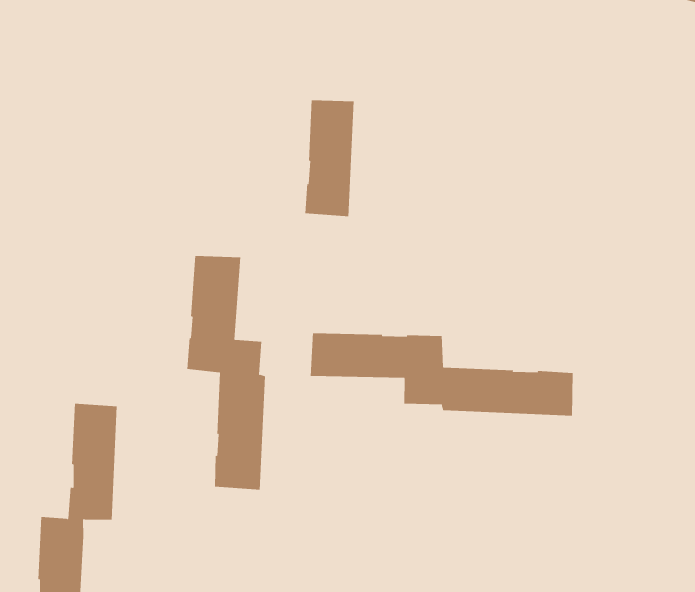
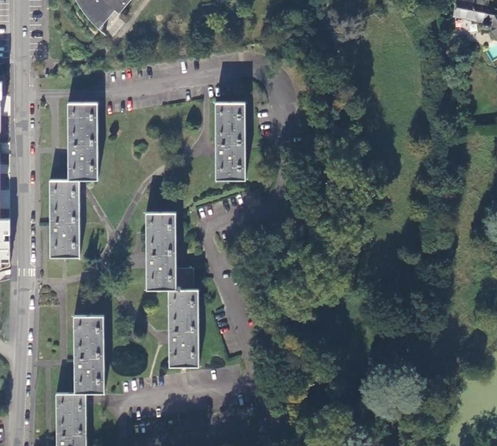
building: none -> [48,102,97,257]
building: [310,333,573,417] -> none

